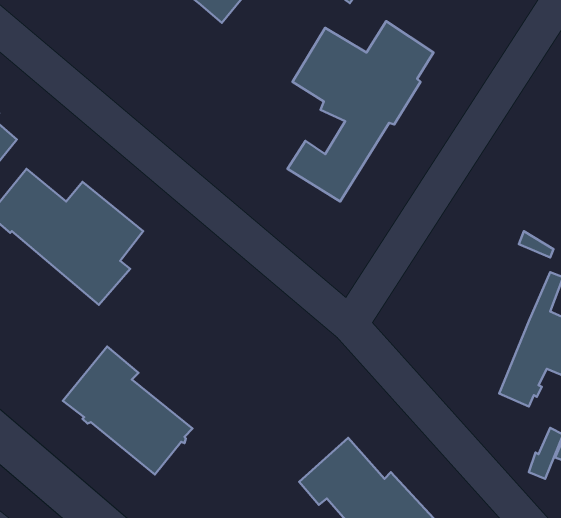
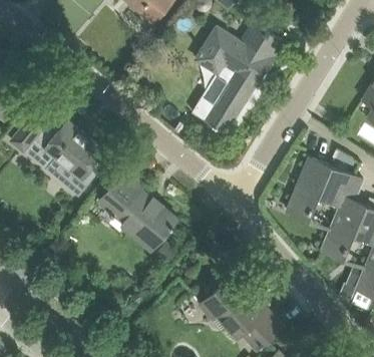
building: none -> [286,159,352,221]
building: [63,347,193,474] -> [97,169,176,248]

